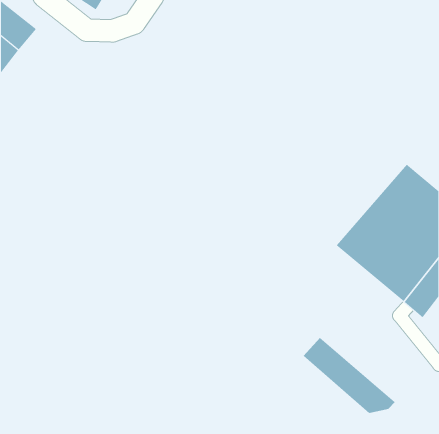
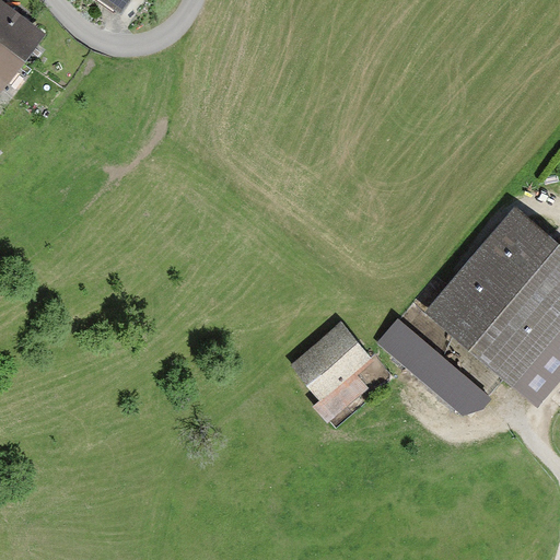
building: none -> [290,318,376,421]
building: [303,337,396,413] -> [376,316,494,413]

